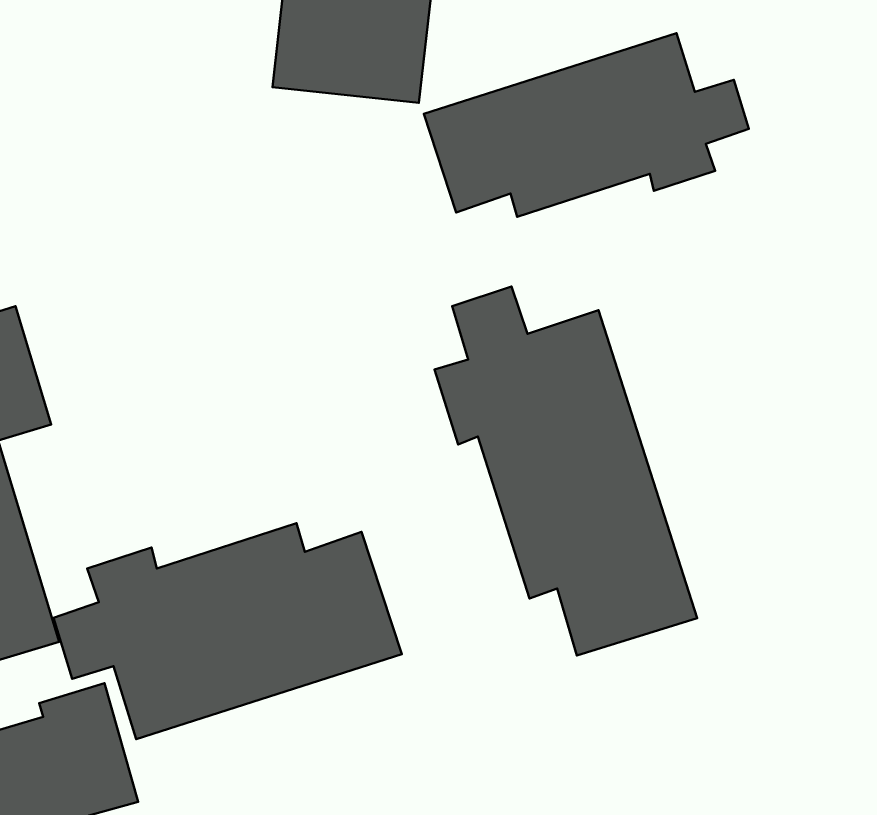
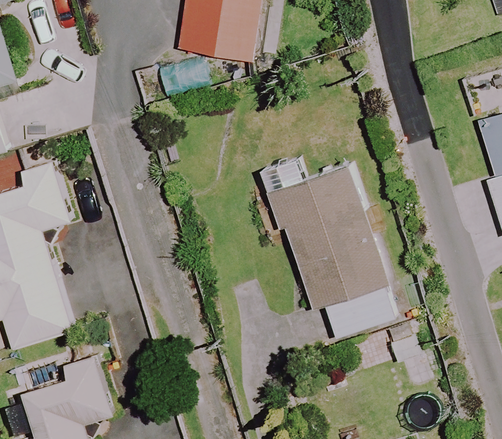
building: [424,33,749,217] -> none
building: [53,523,402,739] -> none

